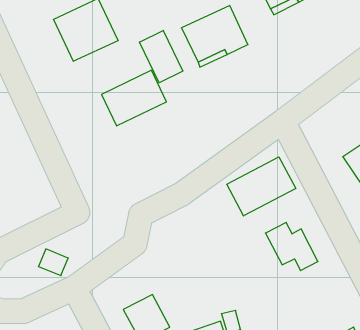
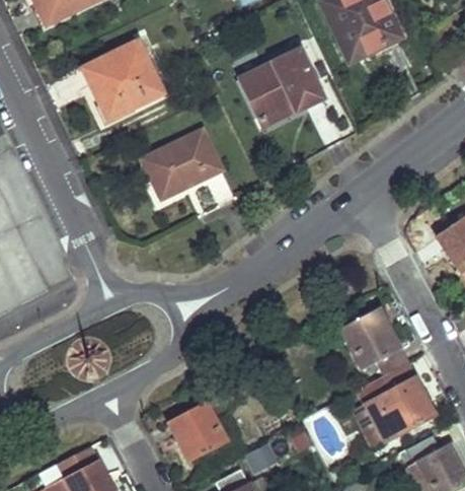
building: [139,30,183,83] -> none
building: [227,157,296,216] -> none
building: none -> [359,363,436,441]

